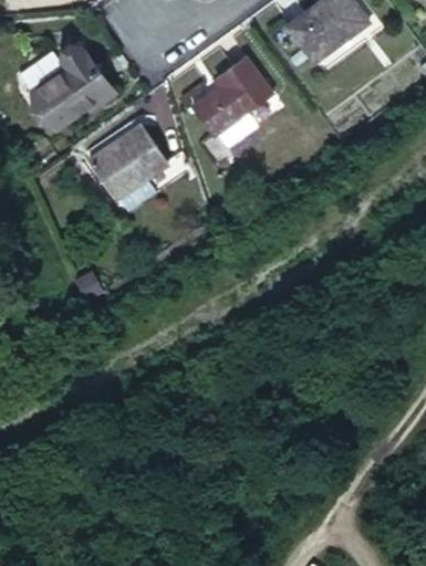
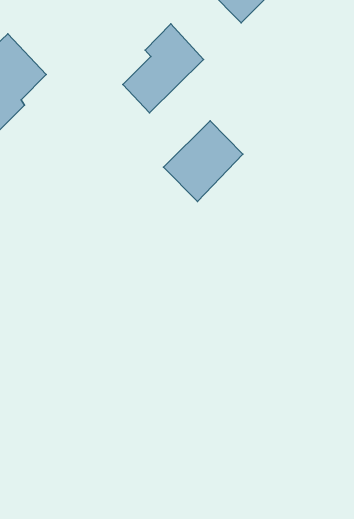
building: [93,126,168,199] -> [164,121,243,201]

